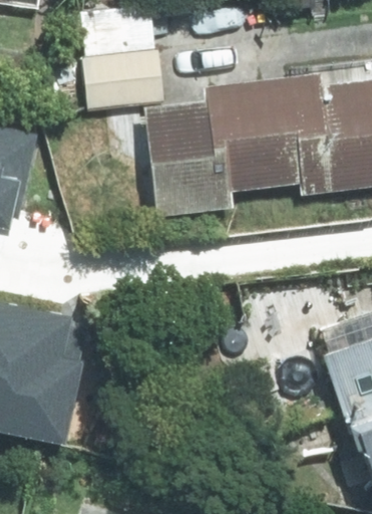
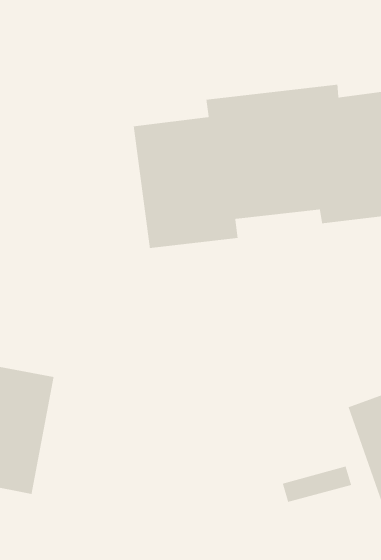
building: [82,12,164,110] -> none

